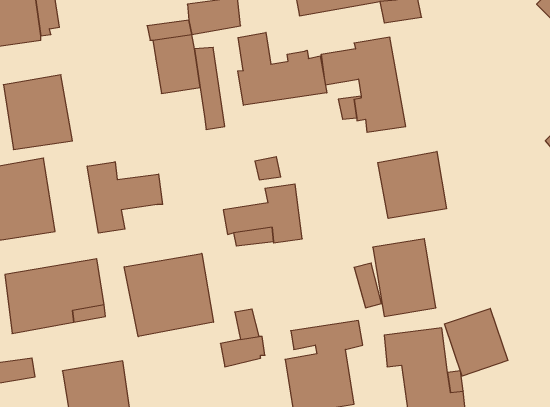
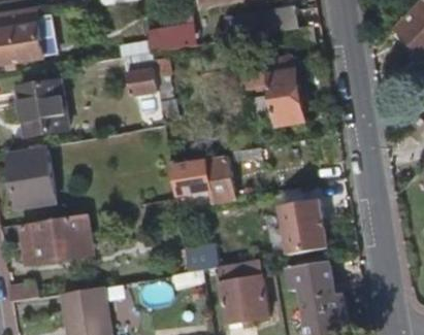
building: [238,32,327,105] -> none
building: [378,151,446,218] -> none
building: [87,162,163,233] -> none
building: [124,253,213,337] -> none
building: [444,308,508,376] -> none

